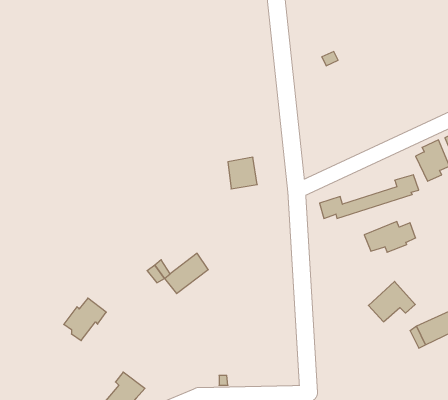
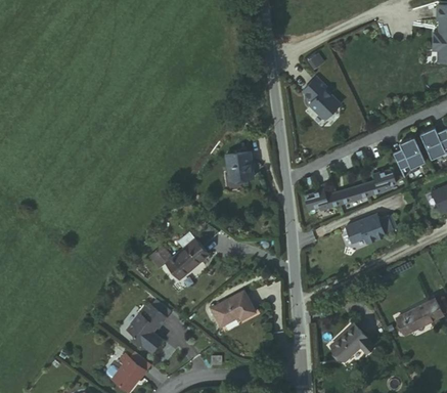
building: none -> [308,78,346,121]
building: [368,281,415,322] -> [331,324,375,362]
building: [64,298,106,341] -> [126,304,166,344]
building: none -> [210,291,254,325]

